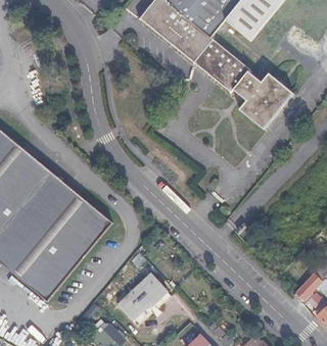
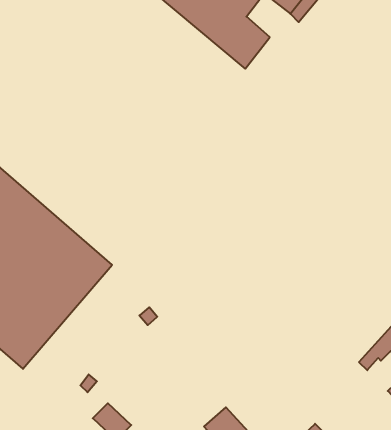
building: [209,52,291,131] -> none
building: [118,273,167,319] -> none

